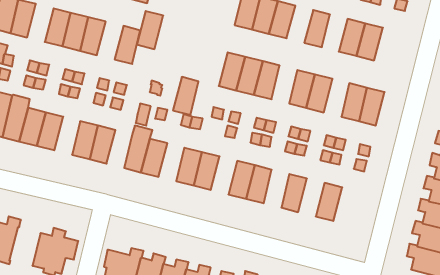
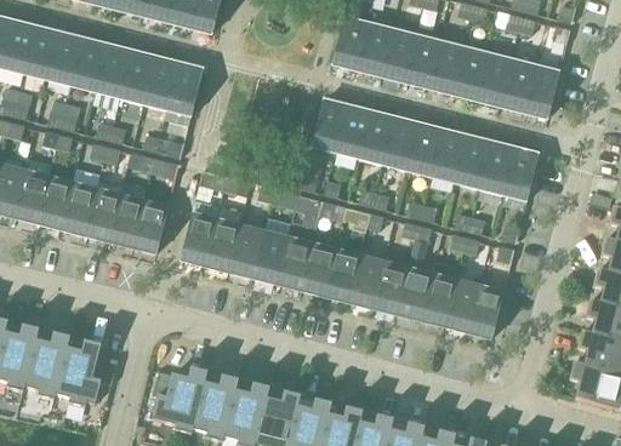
building: none -> [47,33,84,85]
building: none -> [404,35,440,86]
building: [137,11,163,49] -> [143,57,180,109]
building: none -> [452,47,488,98]
building: none -> [524,65,559,116]
building: none -> [383,118,418,170]
building: [173,77,198,115] -> [228,224,263,276]
building: none -> [455,136,490,188]
building: none -> [85,178,123,240]
building: none -> [300,242,336,295]
building: none -> [372,261,408,313]
building: none -> [420,261,458,325]
building: none -> [468,285,503,337]
building: none -> [23,333,69,398]

